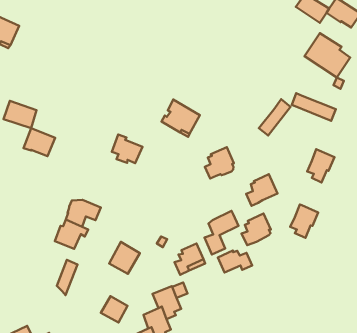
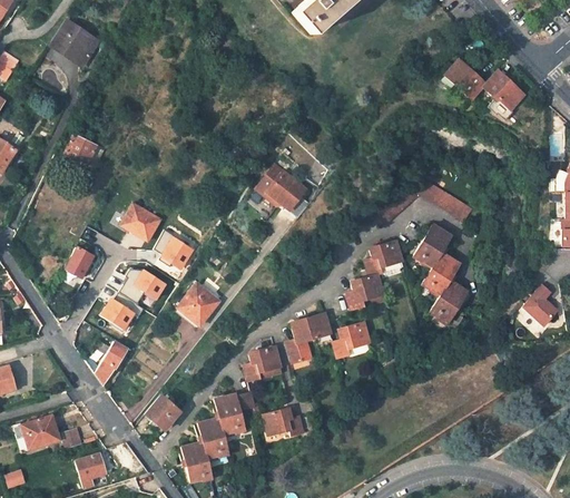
building: [304,33,350,78] -> none
building: [24,128,55,156] -> [119,202,160,240]
building: none -> [420,226,456,267]
building: [112,135,143,163] -> [154,228,193,267]
building: [205,147,234,179] -> [367,242,404,277]
building: none -> [65,246,92,277]
building: [290,205,318,238] -> [435,282,473,324]
building: [109,242,140,274] -> [177,283,217,324]
building: [218,251,252,273] -> [264,410,305,436]

